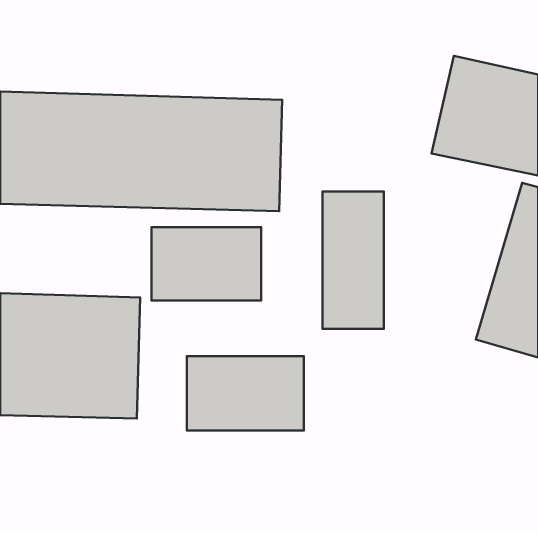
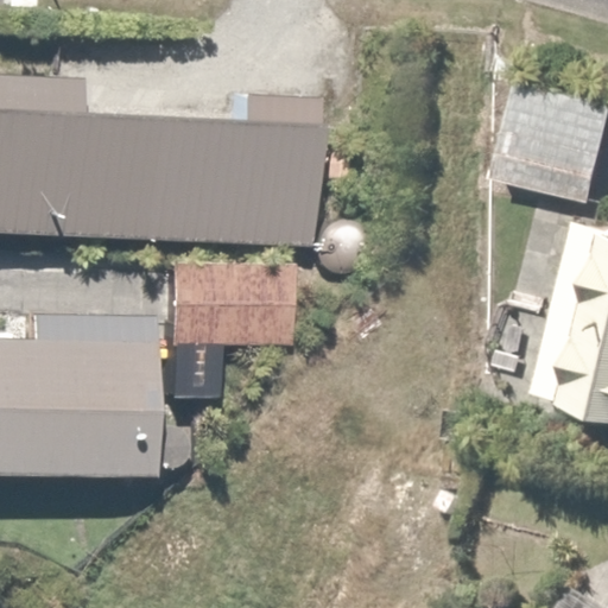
building: [322,192,384,329] -> none
building: [187,356,304,431] -> none

